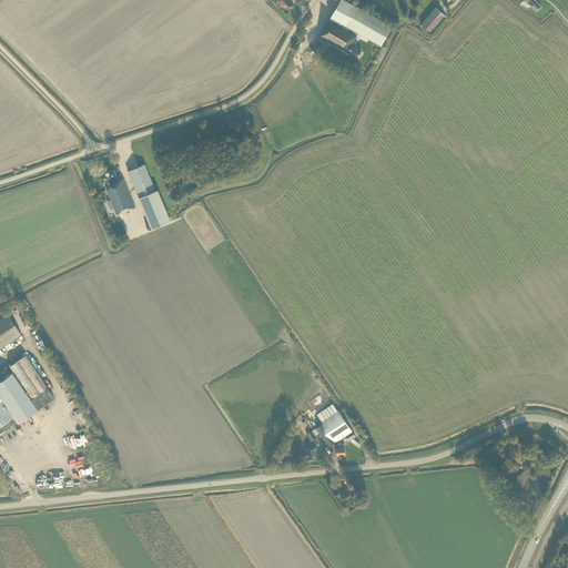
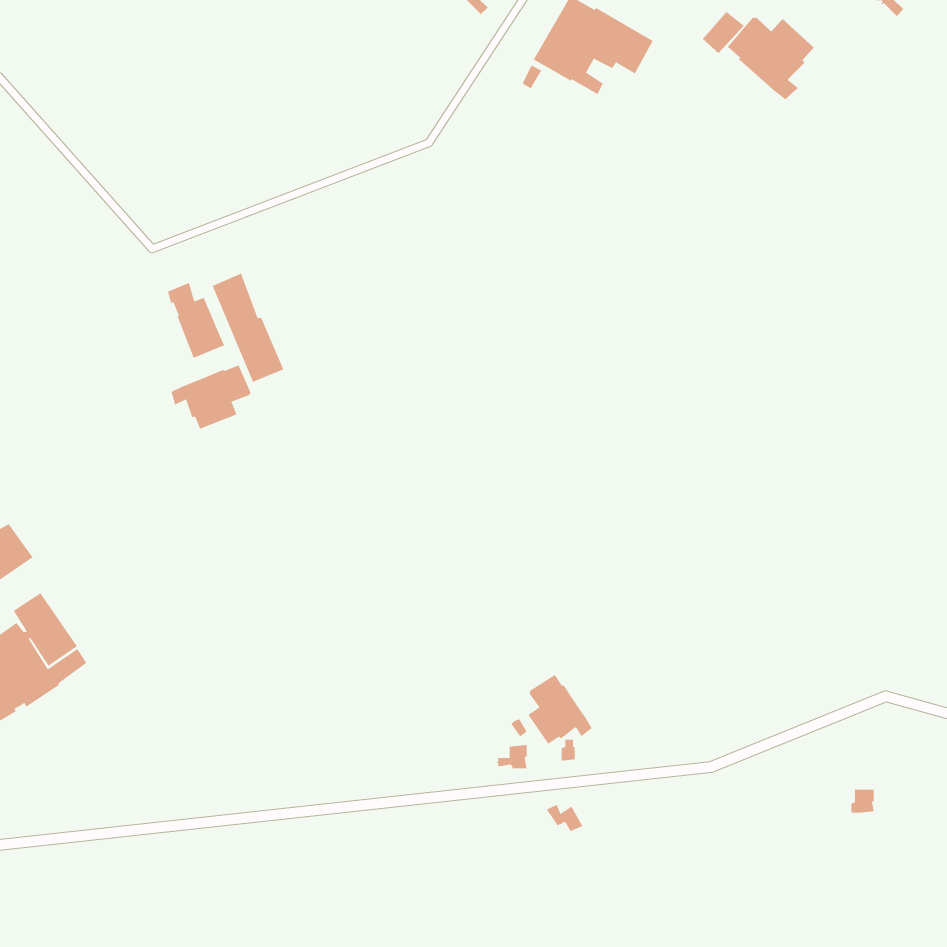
building: none -> [727,17,815,100]
building: none -> [171,364,251,430]

